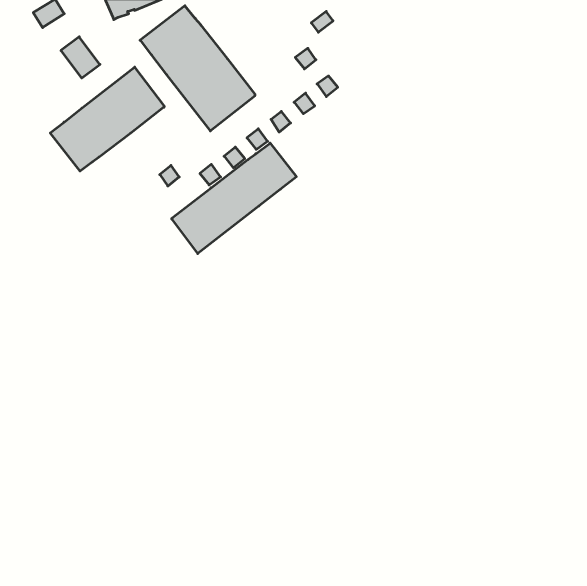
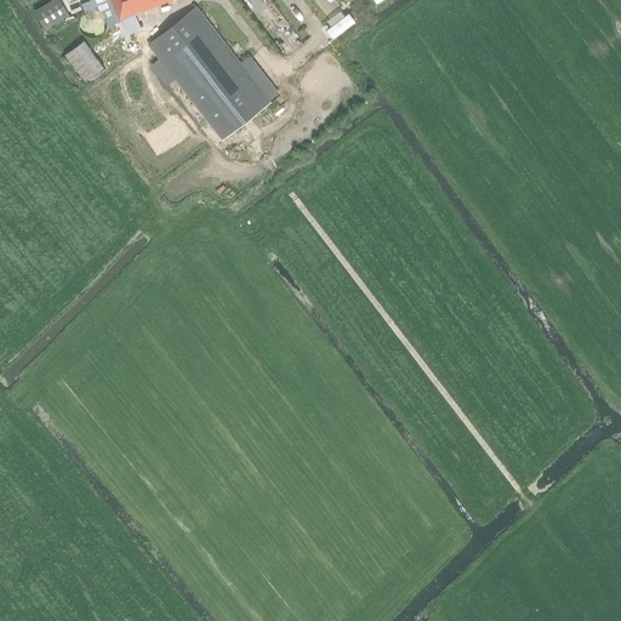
building: [50,67,164,171] -> none
building: [172,143,296,254] -> none

